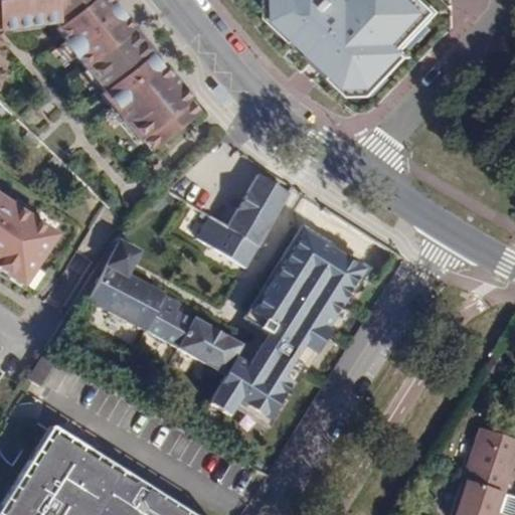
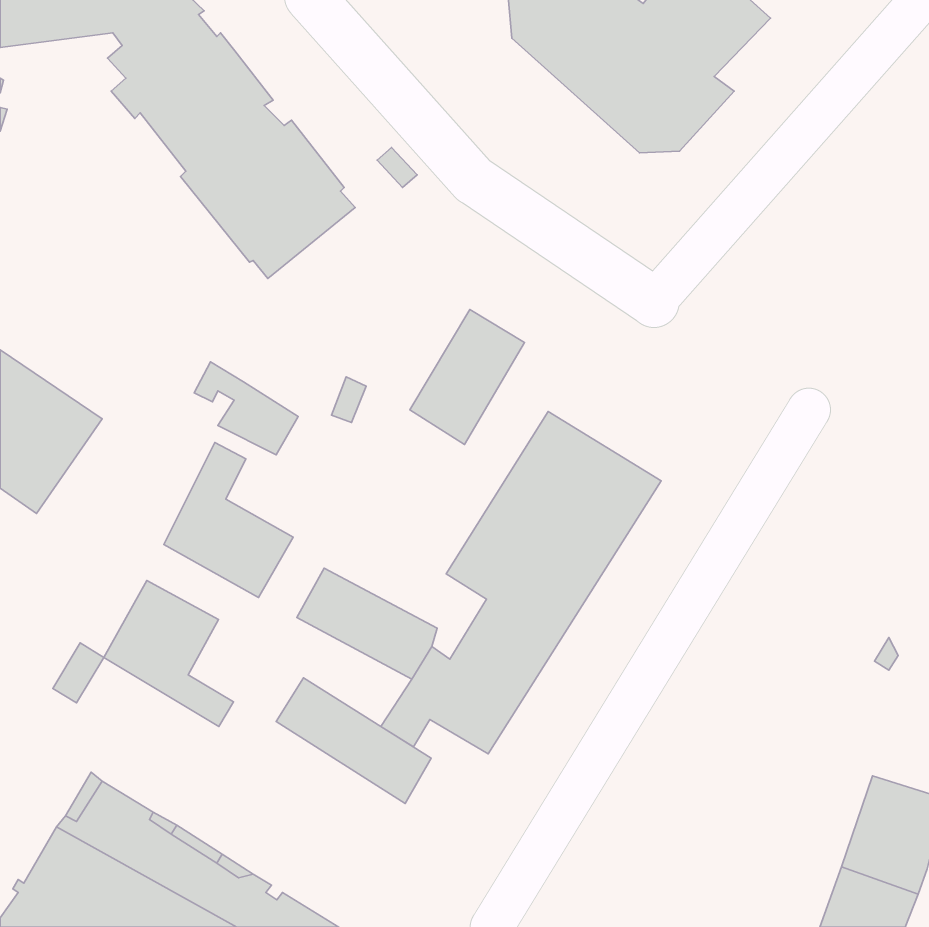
building: [200,215,258,267] -> [194,362,298,455]
building: [144,297,183,341] -> none
building: none -> [104,580,233,726]
building: none -> [276,678,431,803]

